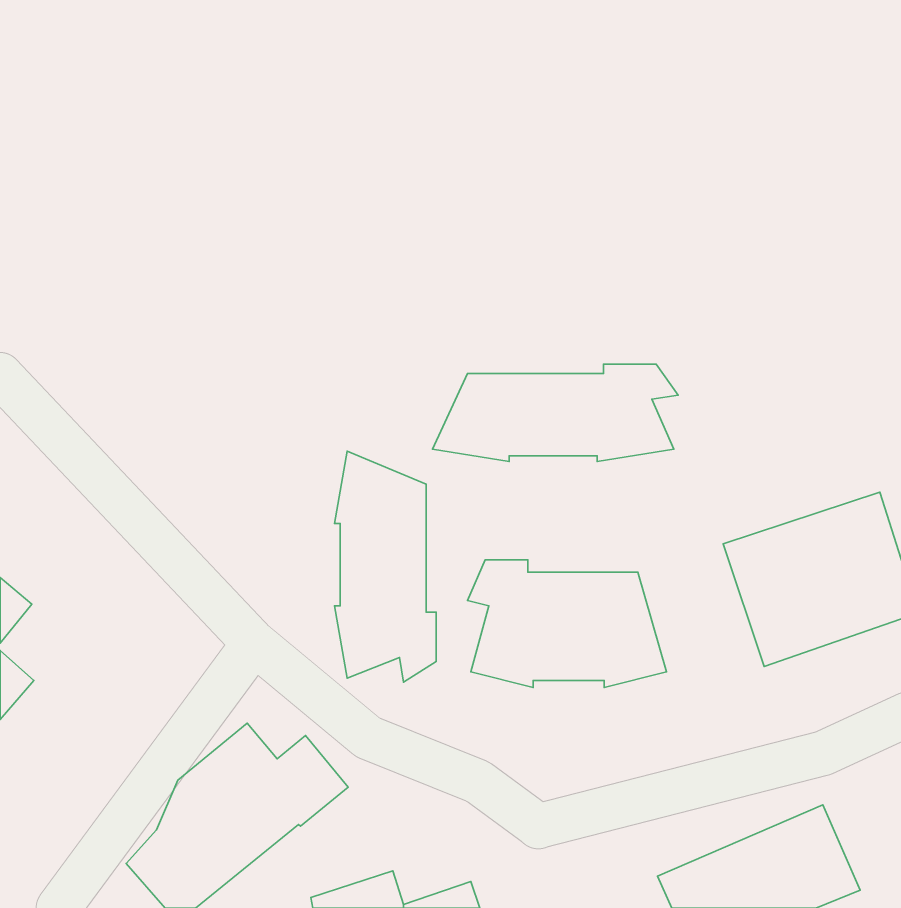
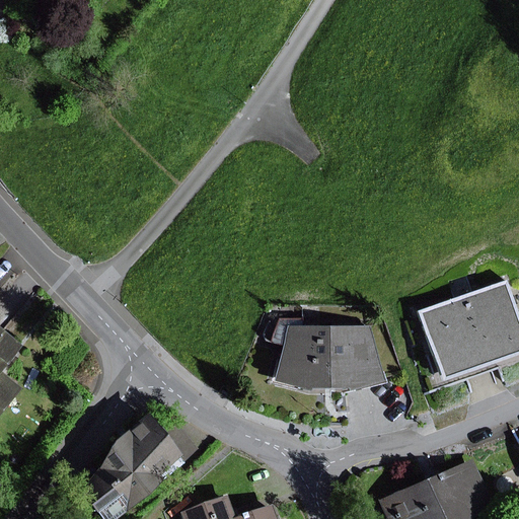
building: [433,364,678,461] -> none
building: [334,451,436,682] -> none

